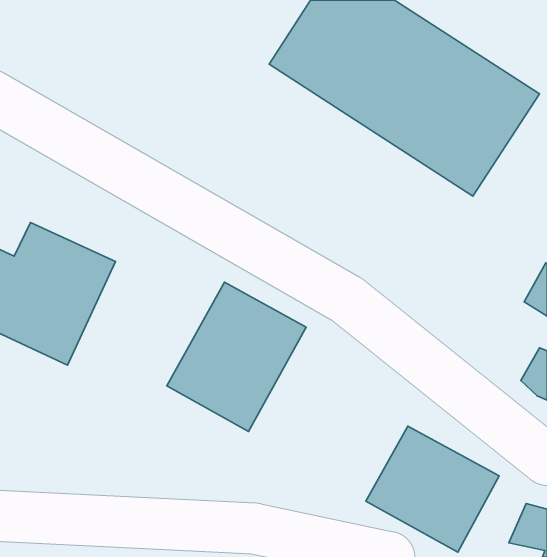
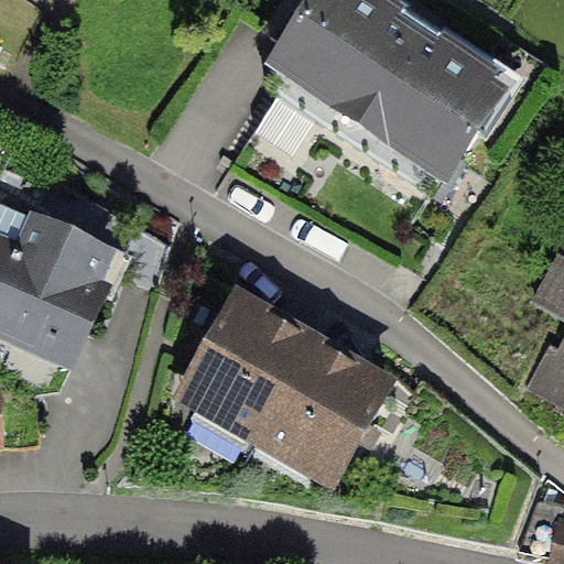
building: none -> [251,330,392,481]
building: [366,426,499,552] -> none

